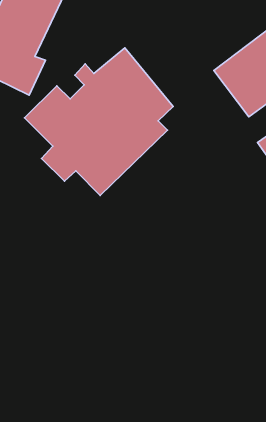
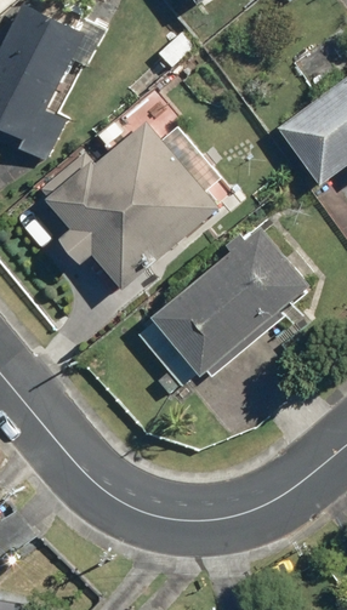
building: none -> [138,229,314,384]

